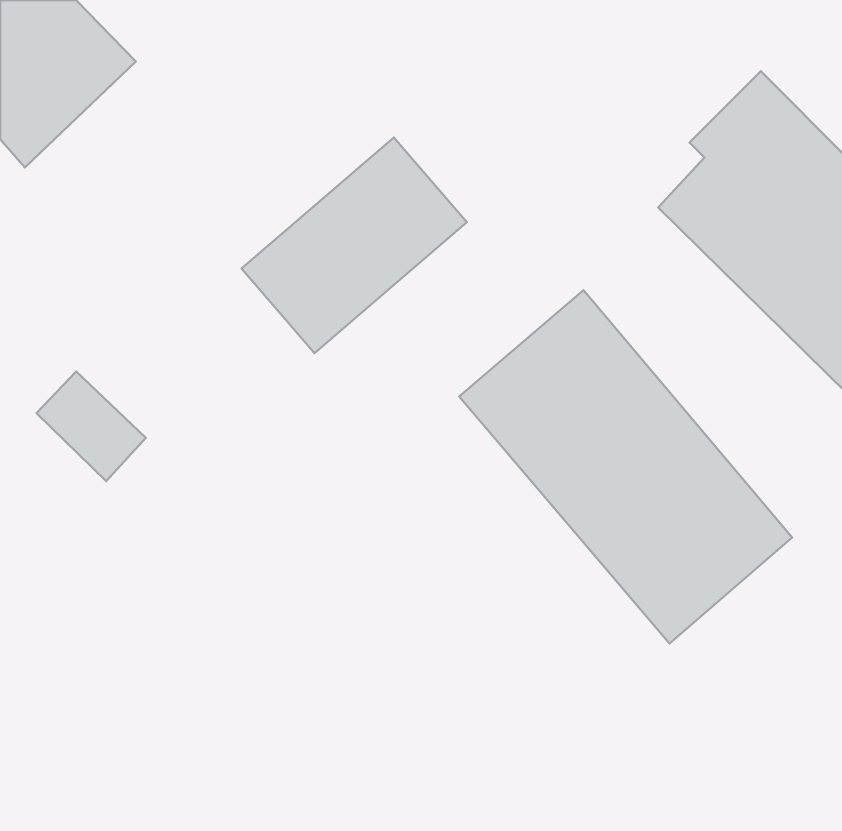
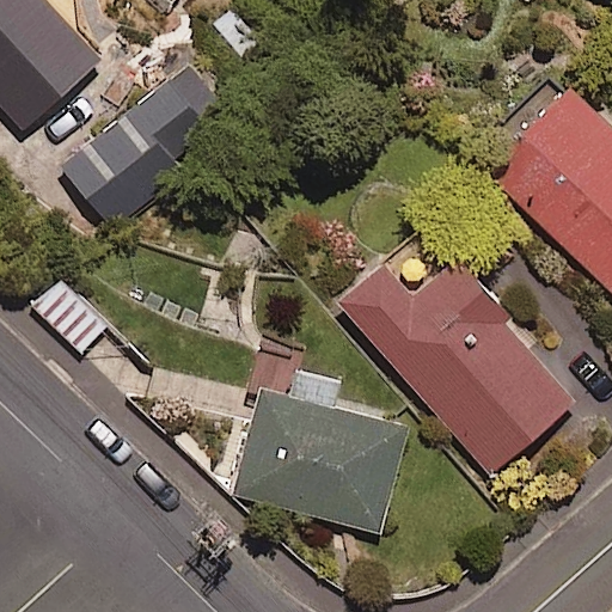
building: [241,137,467,353] -> [62,78,225,233]
building: none -> [233,367,405,534]

